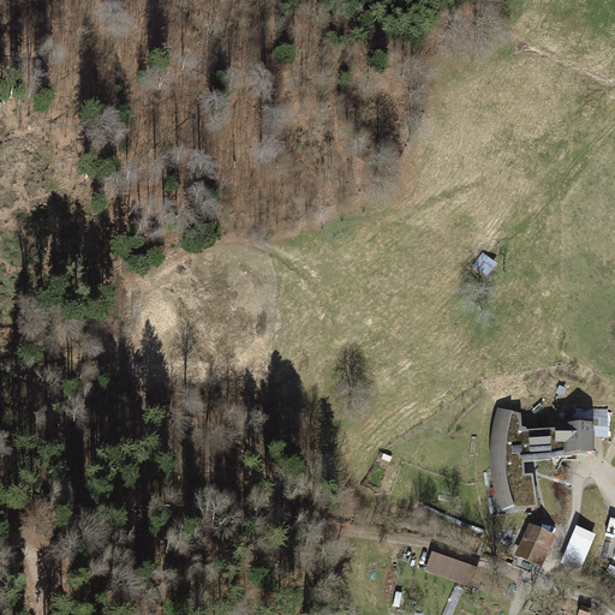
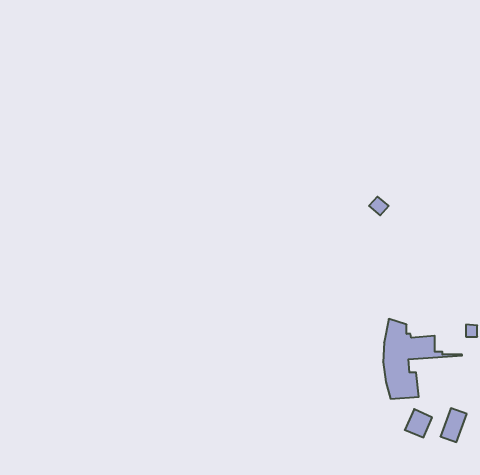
building: [556,424,591,453] -> none
building: [425,550,474,583] -> none

